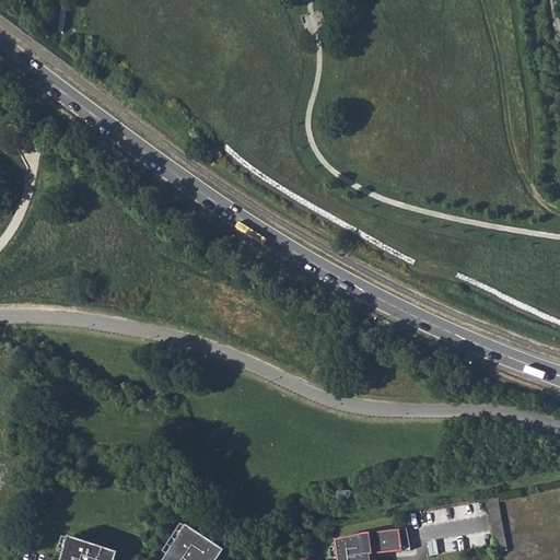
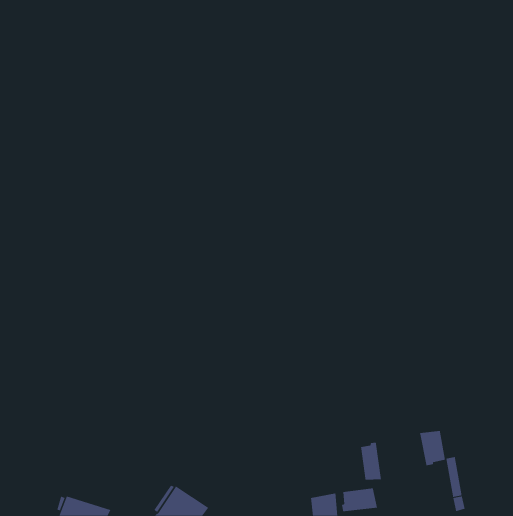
building: none -> [420,430,446,466]
building: none -> [361,442,381,480]

